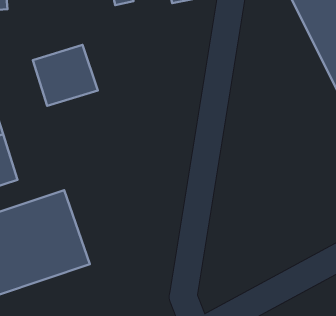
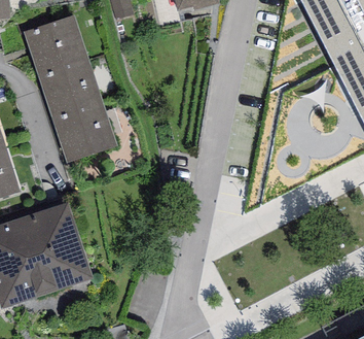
building: none -> [24,14,86,69]
building: none -> [50,100,116,162]

